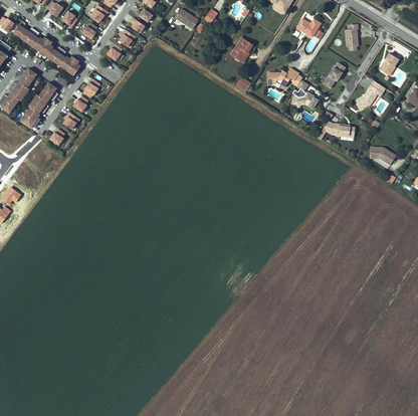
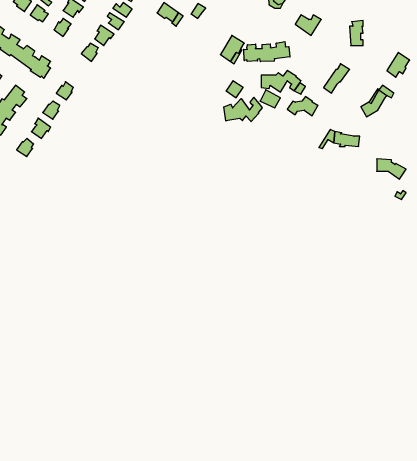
building: none -> [244,42,290,62]
building: none -> [224,97,262,122]

